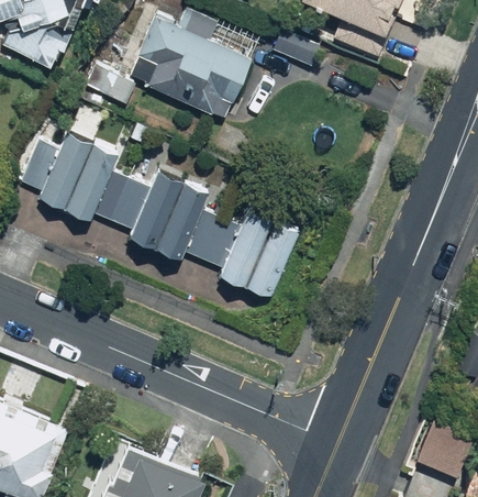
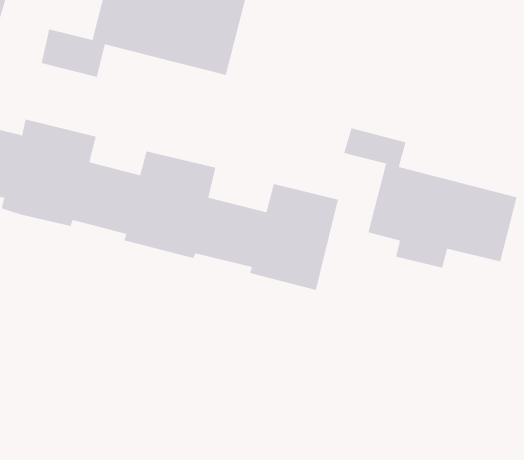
building: none -> [344,128,517,269]

